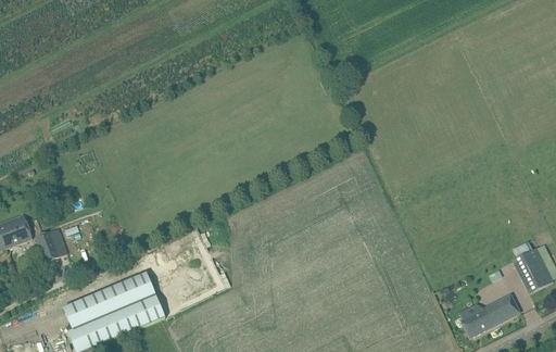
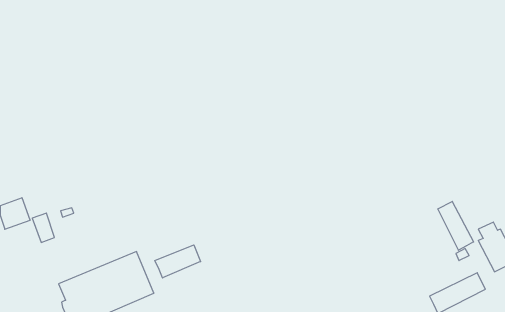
building: none -> [438,201,474,250]
building: none -> [155,245,201,278]

